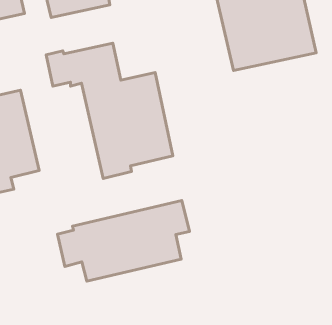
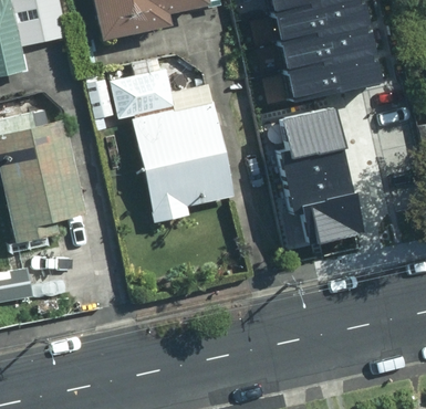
building: none -> [279,108,372,254]
building: [58,200,190,281] -> none

